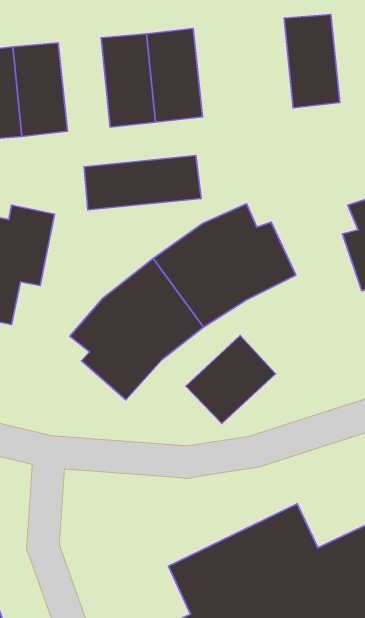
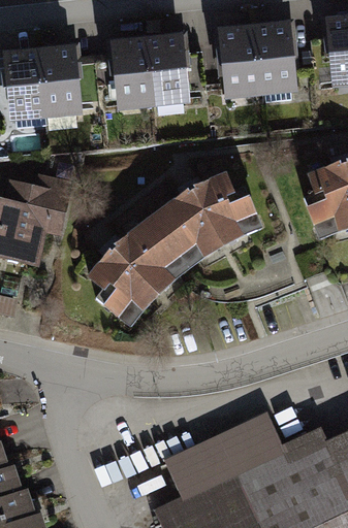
building: none -> [219,24,263,98]
building: [84,155,201,210] -> none
building: [186,336,275,424] -> none

